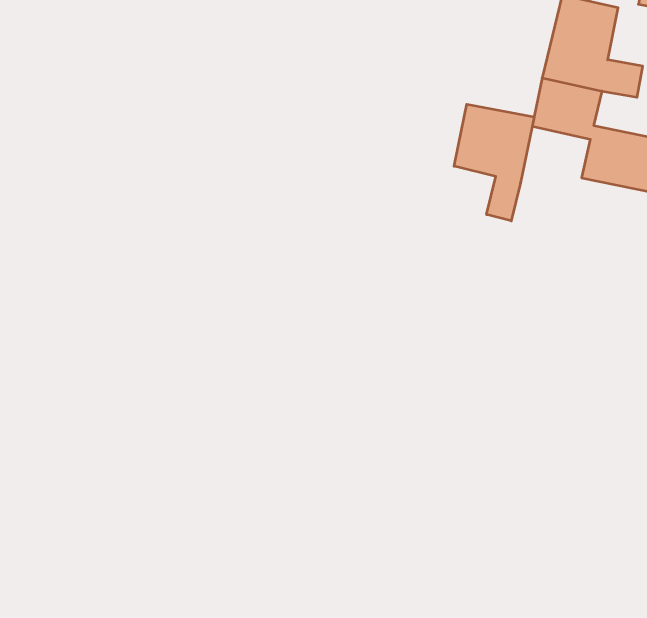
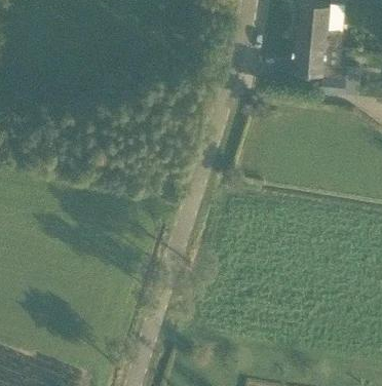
building: [454,104,534,221] -> none

